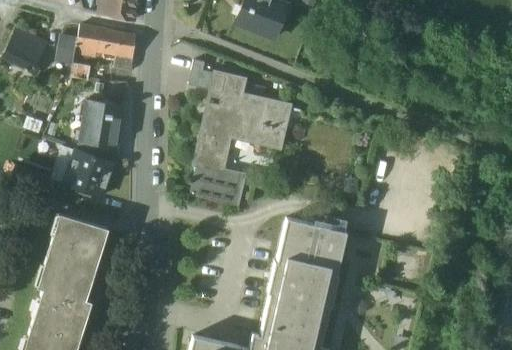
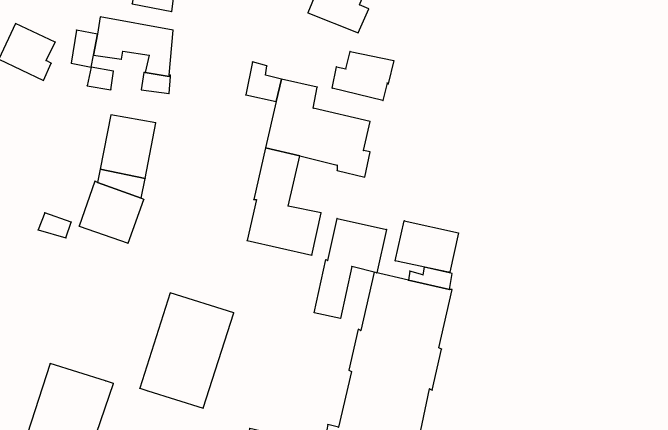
building: none -> [332,51,394,101]
building: none -> [314,218,387,318]
building: none -> [395,221,458,272]
building: [36,213,107,300] -> [140,293,234,408]

